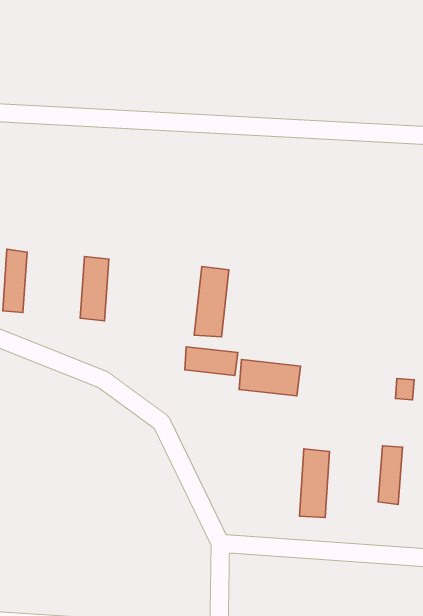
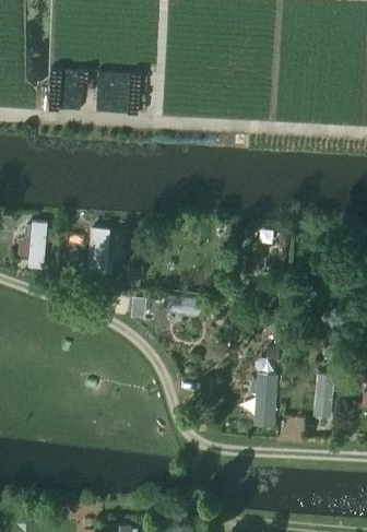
building: [194,267,229,337] -> none
building: [239,360,300,396] -> none

